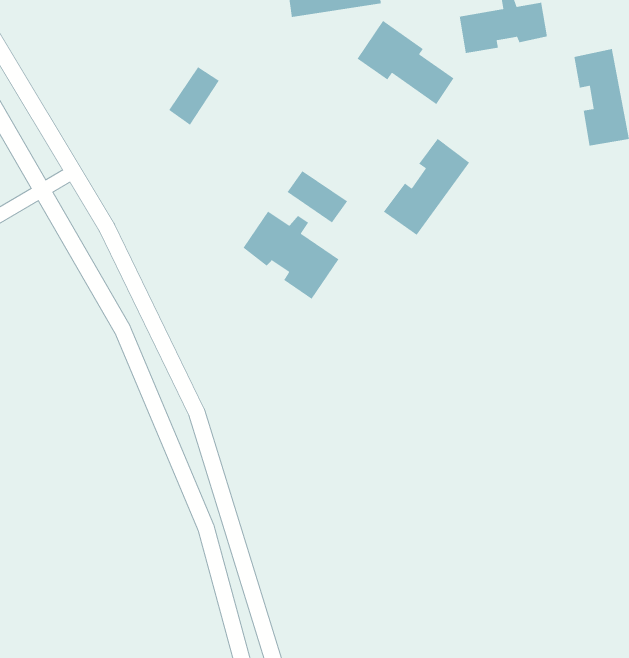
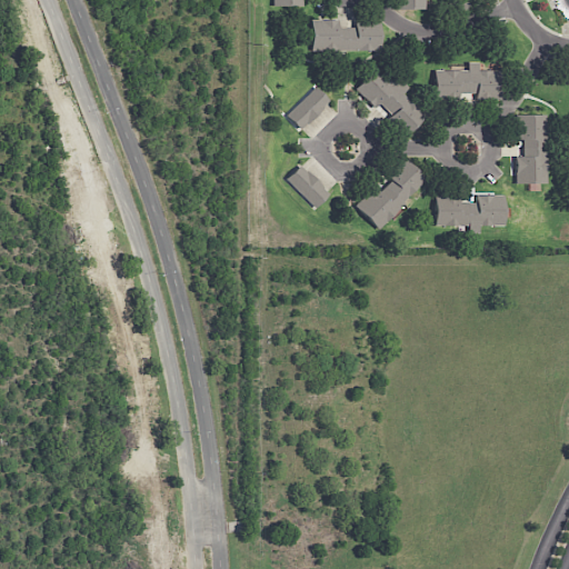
building: [168,66,220,126] -> [289,87,331,130]
building: none -> [437,194,506,226]
building: [242,210,340,300] -> none

